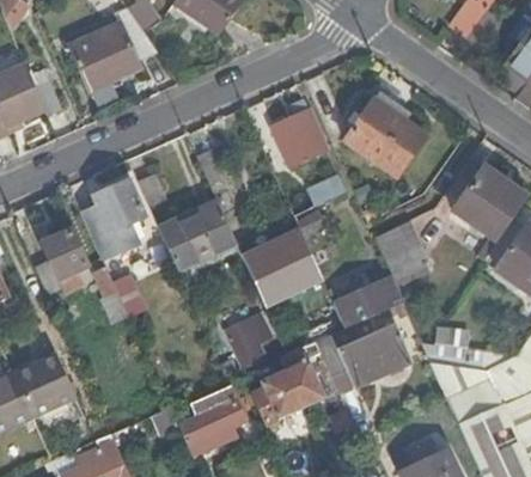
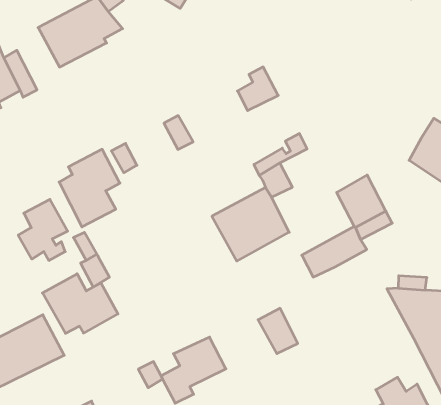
building: [344,92,425,177] -> none
building: [159,201,237,270] -> none
building: none -> [42,274,118,333]
building: [225,314,271,368] -> none
building: [316,318,411,391] -> none
building: [252,369,303,423] -> none

